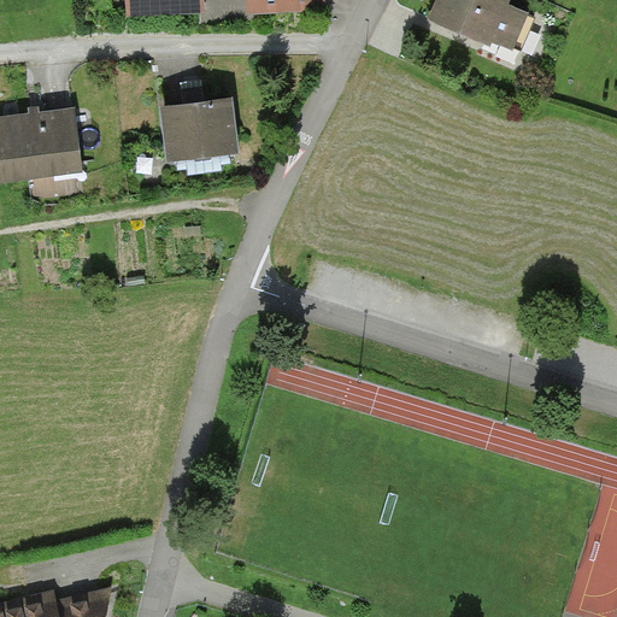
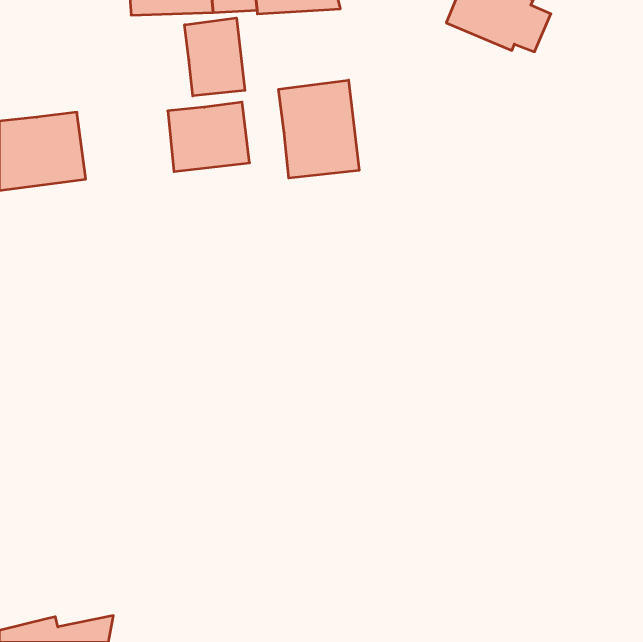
building: none -> [185,18,245,96]
building: none -> [279,80,359,178]

